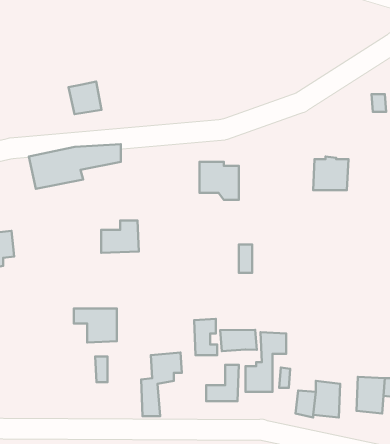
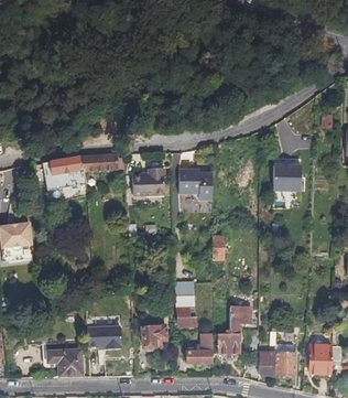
building: [68,81,102,114] -> none
building: [101,220,139,253] -> [133,168,164,194]
building: [74,309,117,342] -> [45,348,80,376]
building: [220,330,257,351] -> none

